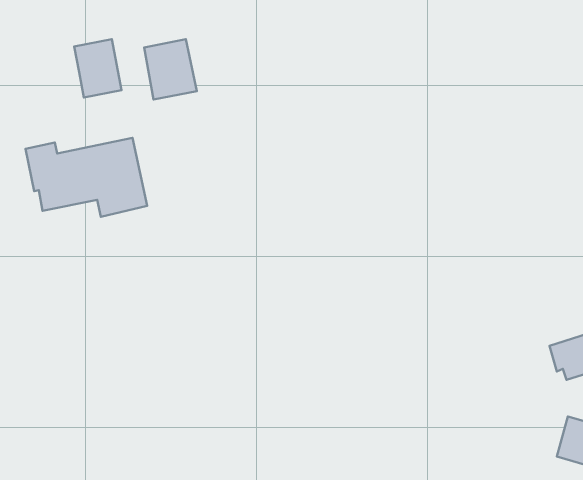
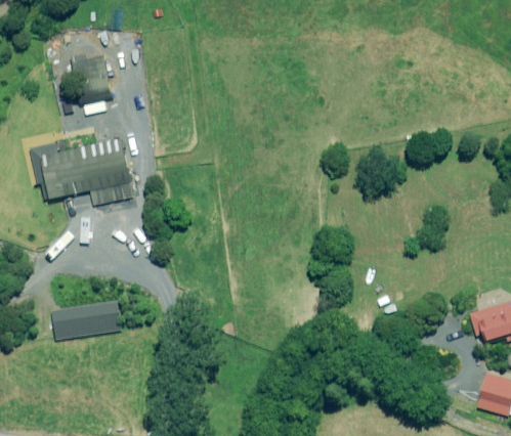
building: [144,39,197,100] -> none
building: none -> [51,301,121,339]

